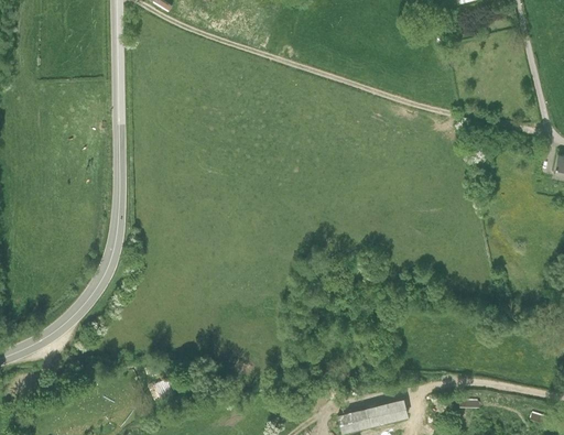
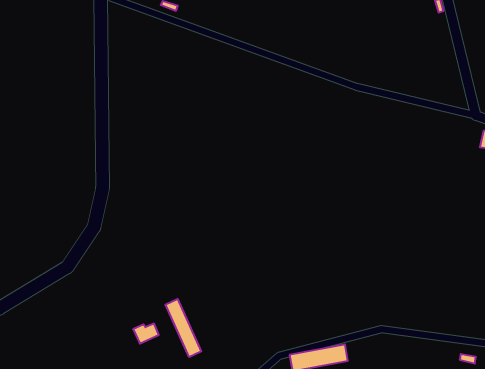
building: none -> [165,299,201,357]

